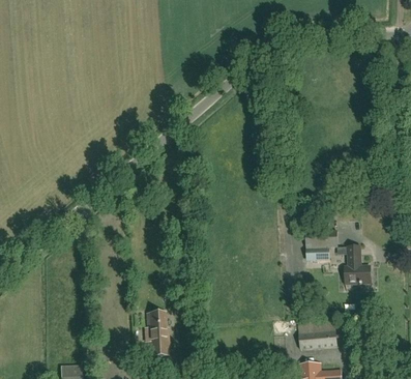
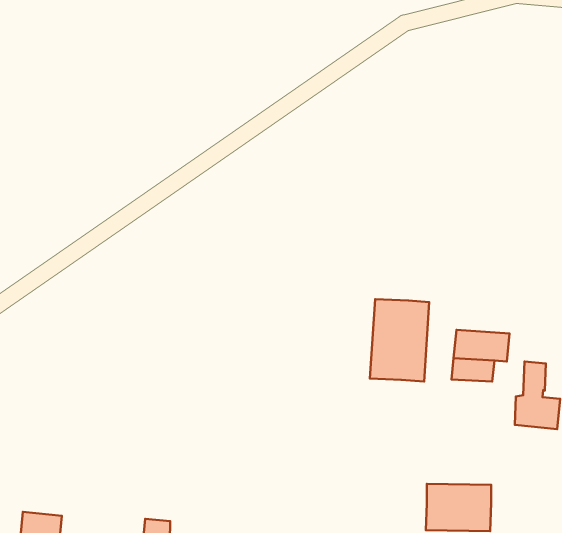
building: none -> [370,299,429,382]
building: [146,313,169,355] -> none

